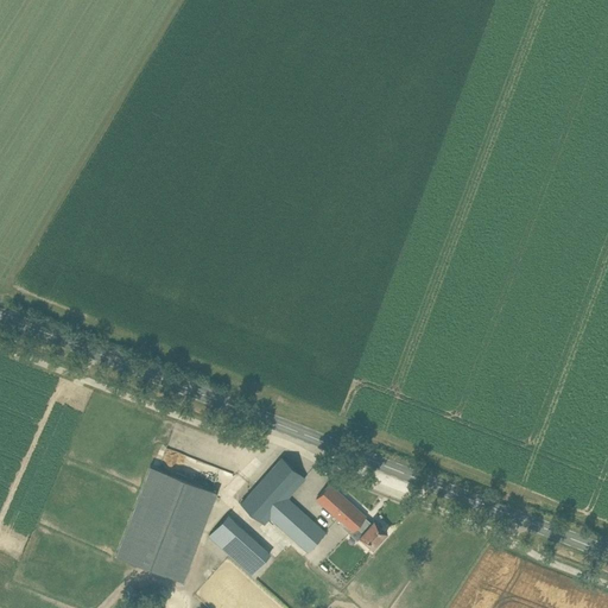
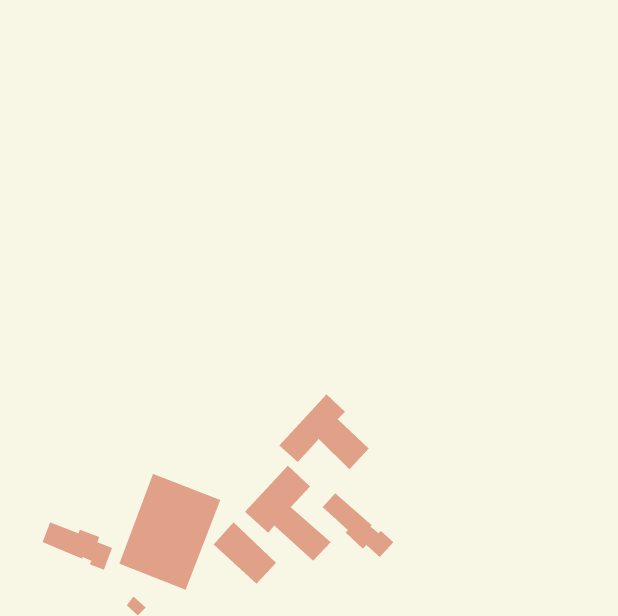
building: none -> [278,393,369,470]
building: none -> [42,522,113,571]

